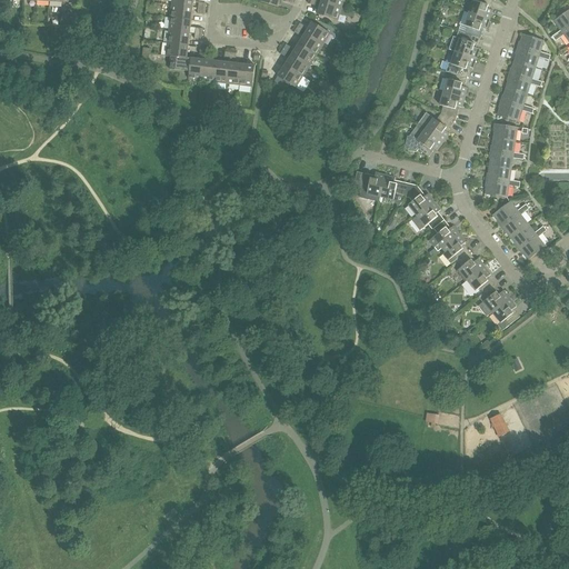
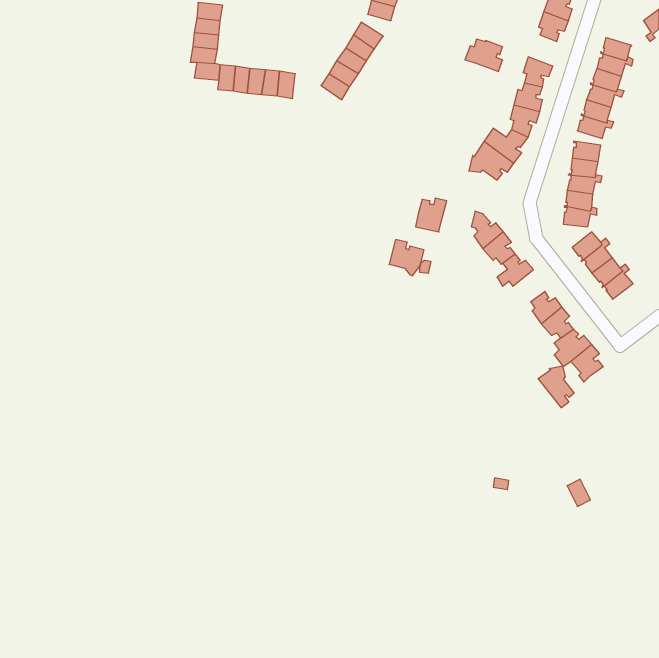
building: [446,29,478,57] -> [465,39,503,72]
building: [378,172,408,203] -> [389,240,424,276]
building: [440,231,468,261] -> none
building: none -> [538,366,574,408]

